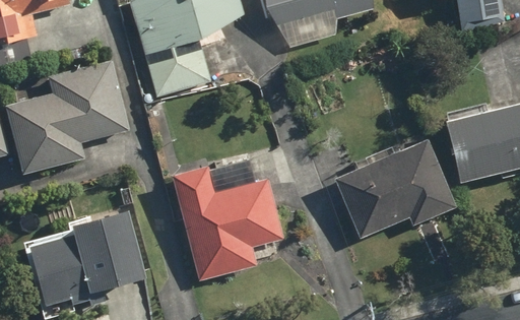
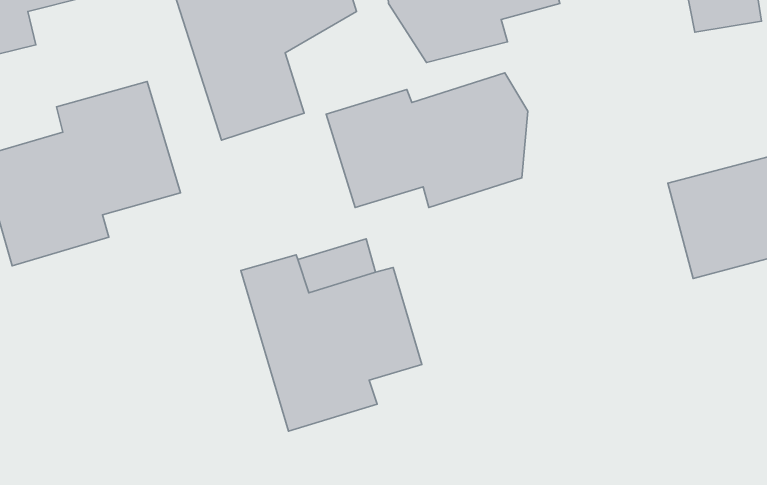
building: none -> [326,73,528,207]
building: [333,138,458,241] -> none
building: [27,211,145,307] -> none

